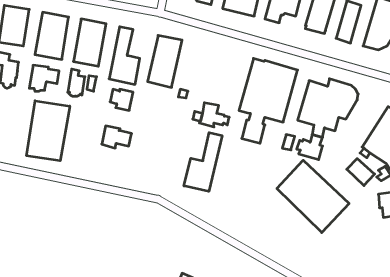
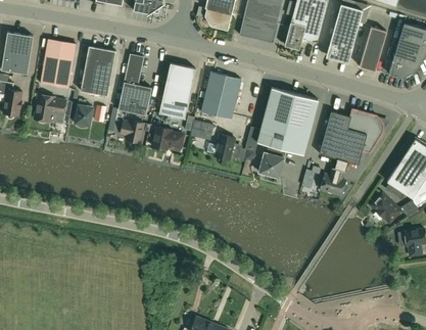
building: none -> [200,72,241,120]
building: [27,101,70,161] -> none
building: [102,126,132,148] -> [152,127,184,150]
building: [184,133,222,191] -> none
building: [277,160,349,233] -> none

